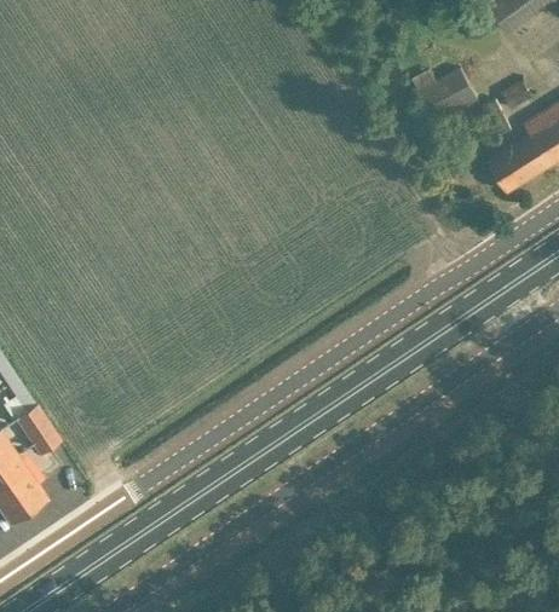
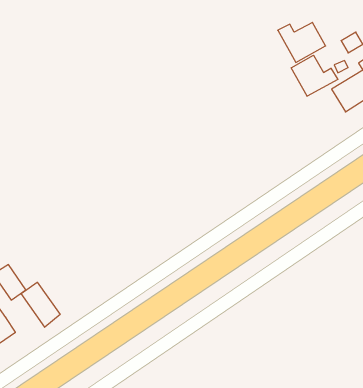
building: none -> [291,55,338,96]
building: none -> [21,282,60,327]

